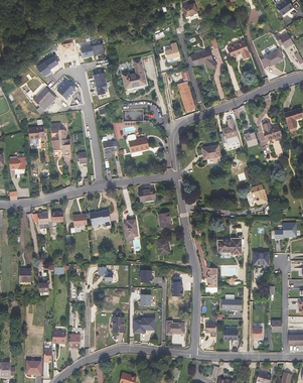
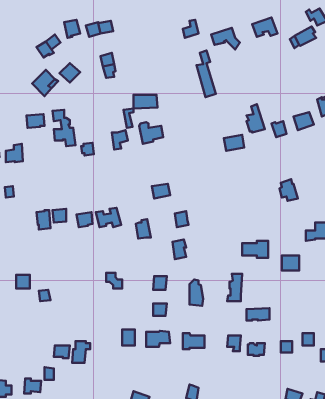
building: [121,57,146,88] -> none

